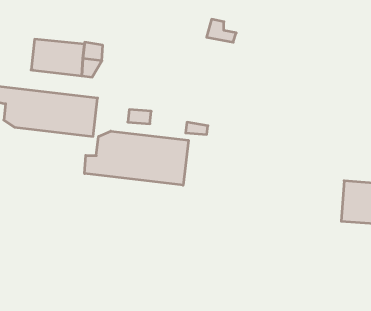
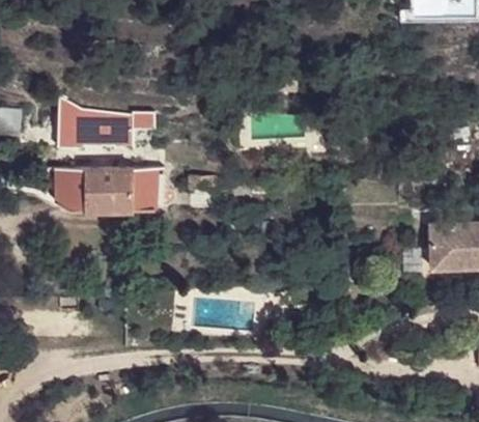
building: none -> [58,101,84,152]
building: [85,131,188,185] -> none

